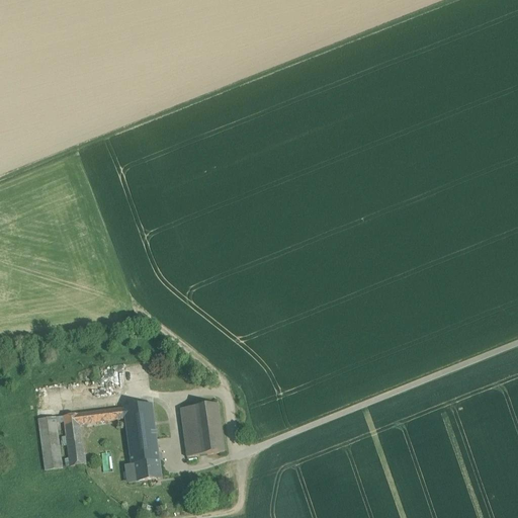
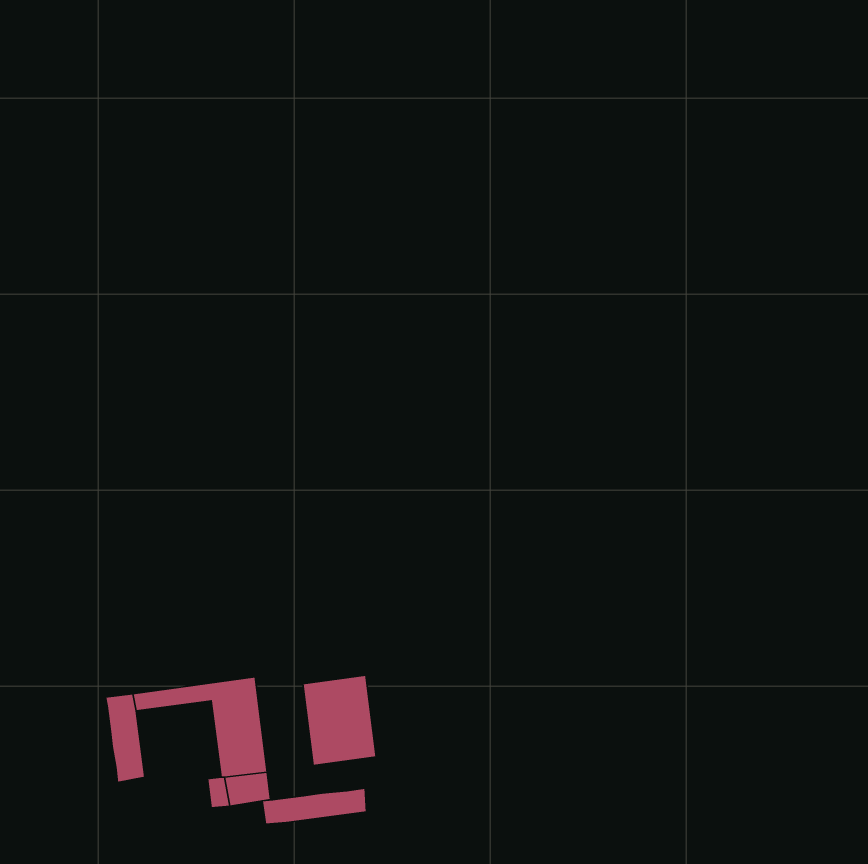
building: [38,416,62,468] -> none
building: none -> [262,788,367,824]

